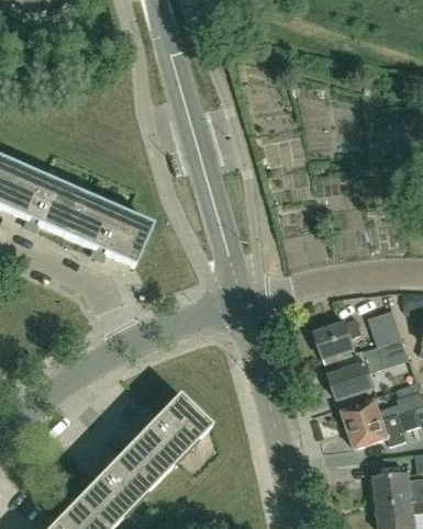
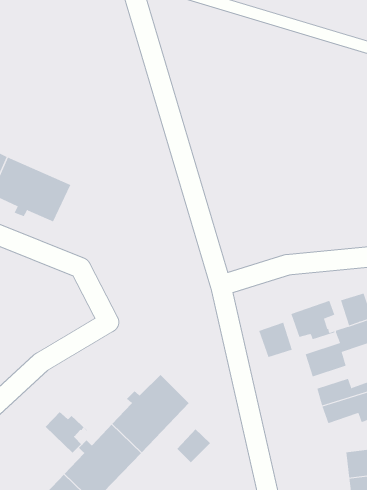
building: [64,196,149,266] -> none
building: none -> [258,322,293,358]
building: none -> [45,411,88,454]
building: none -> [177,429,211,463]

